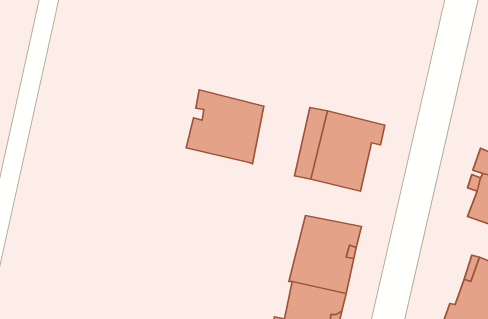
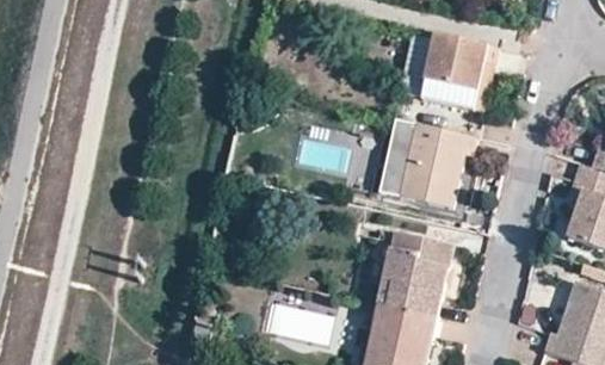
building: none -> [421,33,498,106]
building: [186,90,264,164] -> none

